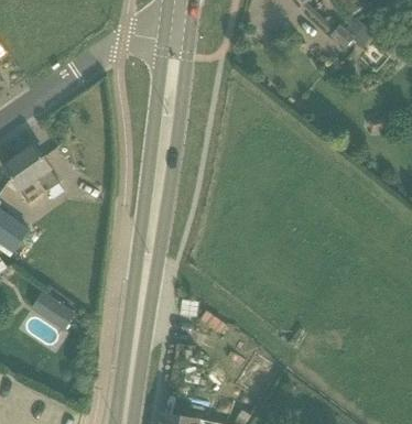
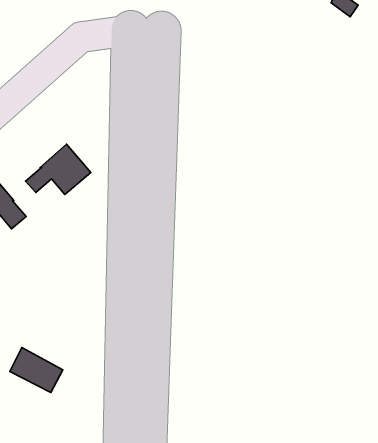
building: none -> [26,144,91,194]

